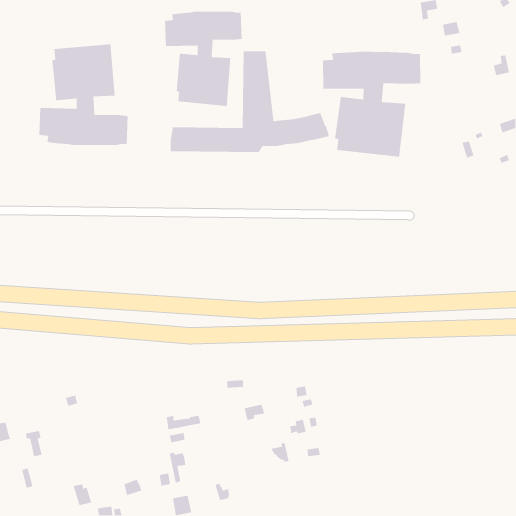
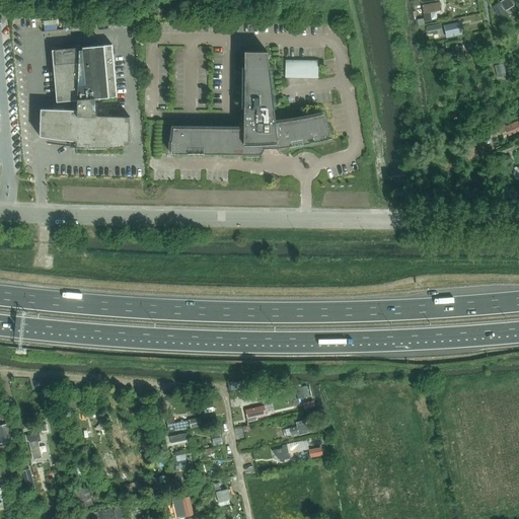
building: [164,11,242,107] -> none
building: [322,51,421,158] -> none
building: none -> [285,59,318,77]

